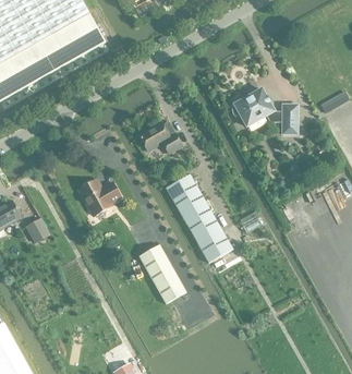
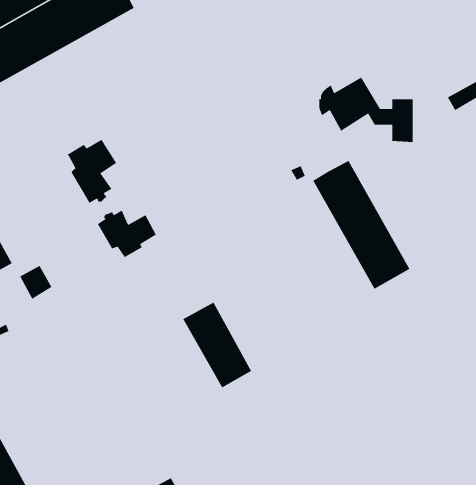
building: [138,122,182,153] -> none
building: none -> [66,139,117,204]
building: [166,173,233,263] -> [312,160,410,290]

